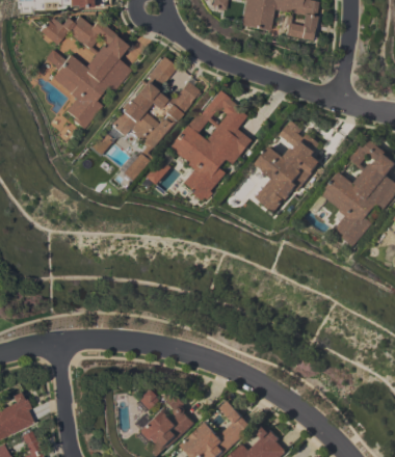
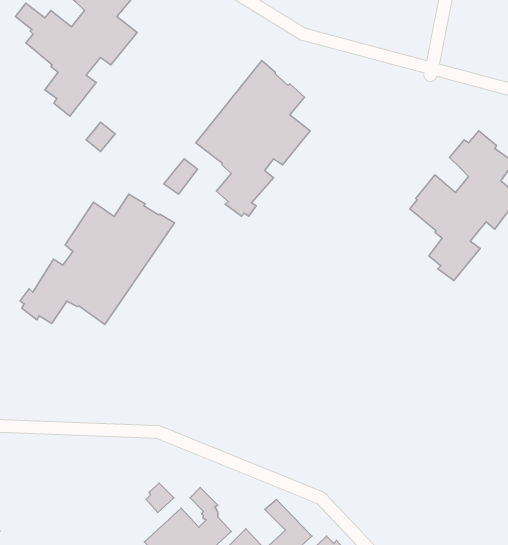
building: [110,56,200,180] -> none
building: [257,119,322,212] -> none
building: none -> [20,194,174,325]

